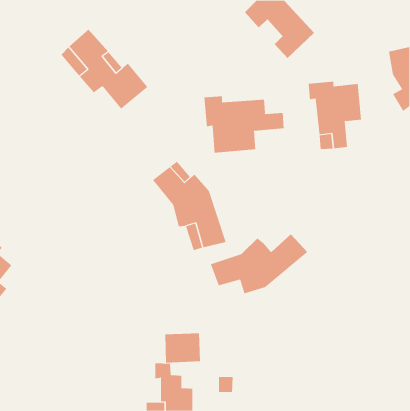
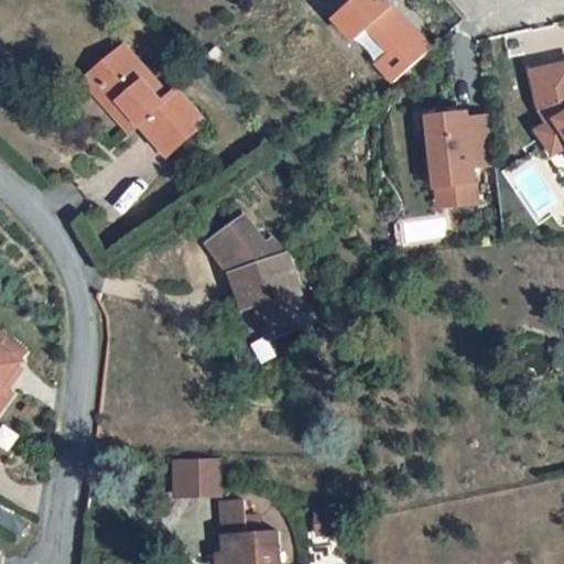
building: [204,95,284,154] -> none
building: [210,234,308,294] -> none
building: [164,333,201,363] -> [169,456,218,498]

